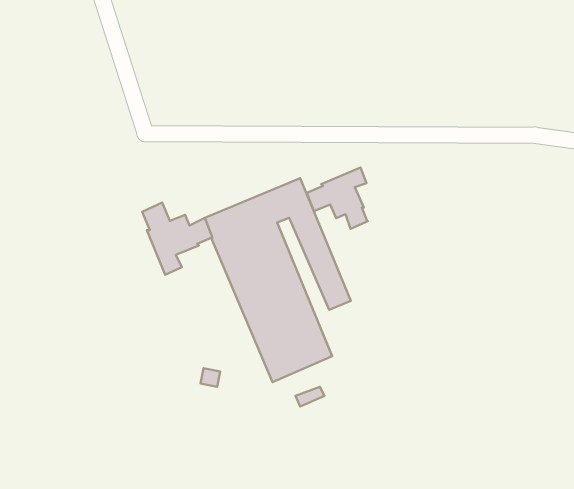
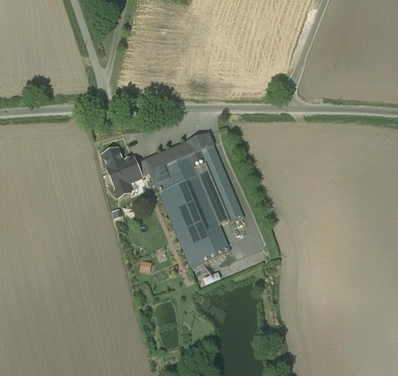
building: [307,168,368,229] -> none

